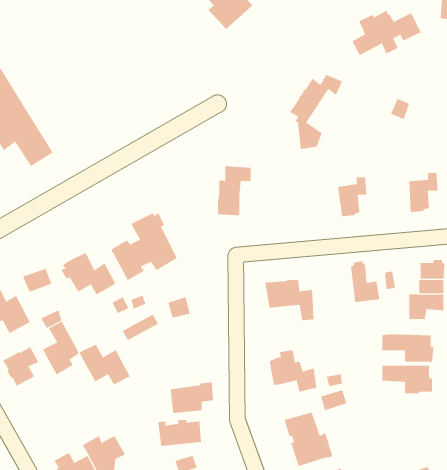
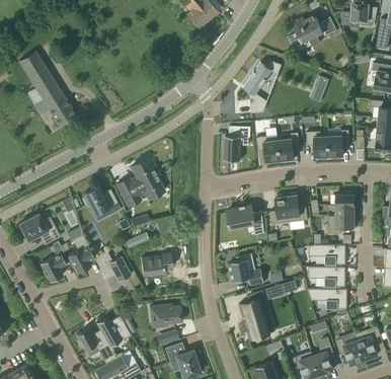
building: [217,166,251,216] -> [224,126,248,161]
building: none -> [306,131,329,158]
building: none -> [256,135,281,163]
building: none -> [269,195,290,224]
building: [170,382,214,413] -> [141,253,172,276]
building: none -> [308,289,349,308]

